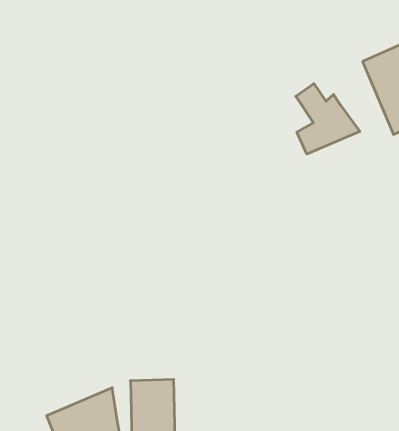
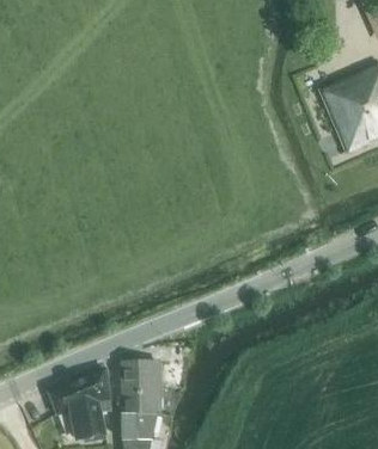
building: [296,84,360,154] -> none

